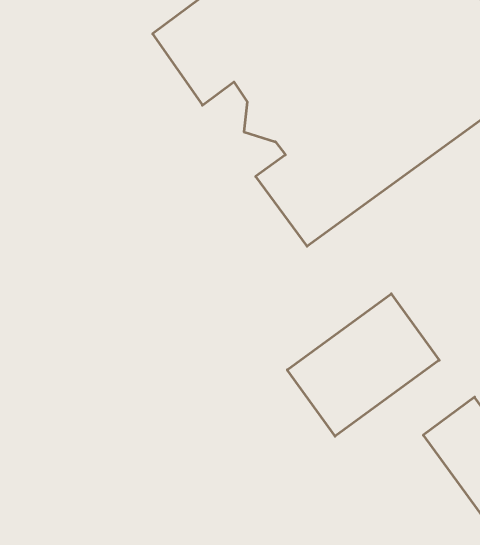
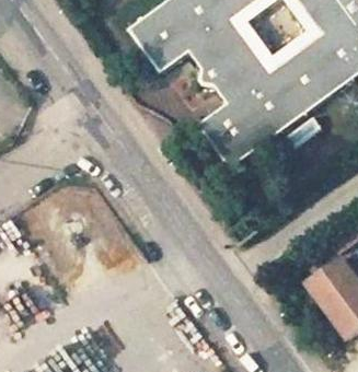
building: [287,294,439,436] -> none

